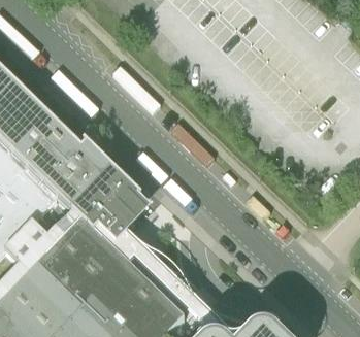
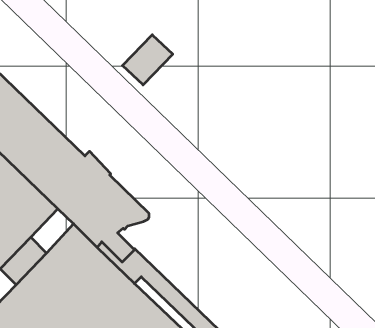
building: none -> [122,35,173,85]

